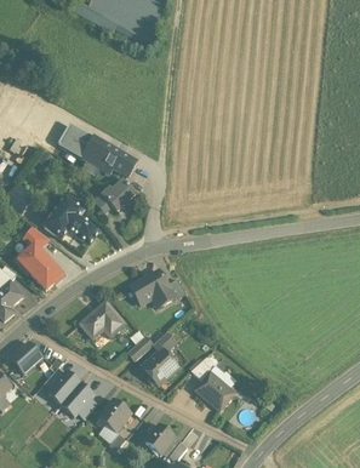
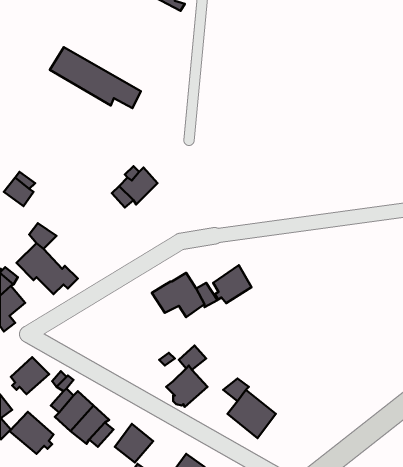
building: [58,124,136,176] -> [50,47,141,108]
building: [44,198,98,244] -> none
building: none -> [213,265,252,303]
building: [79,301,125,338] -> none
building: none -> [9,412,53,454]

